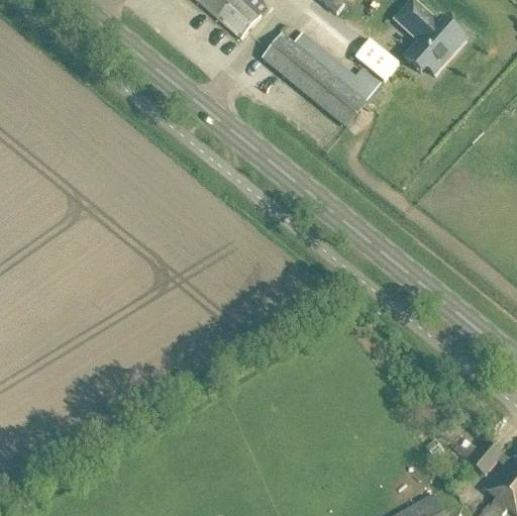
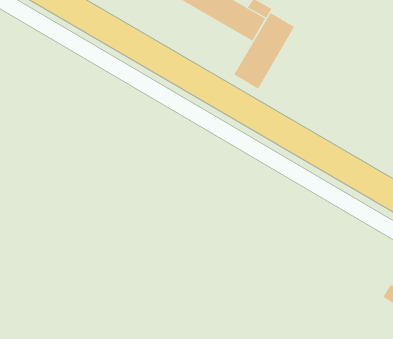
building: none -> [234,12,295,90]

